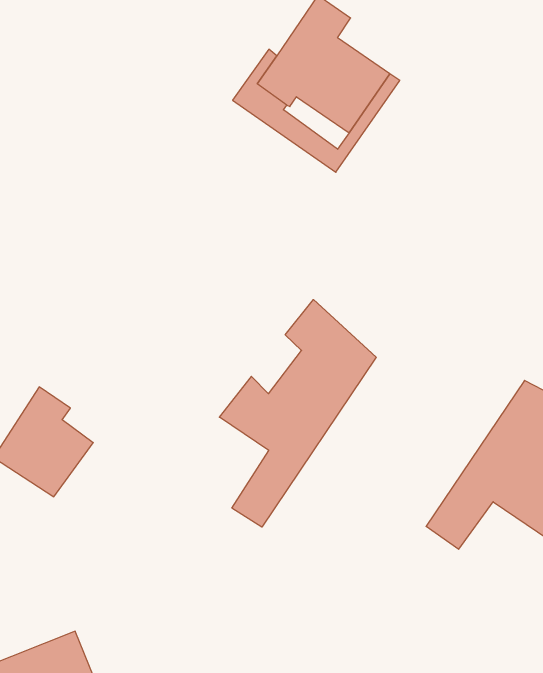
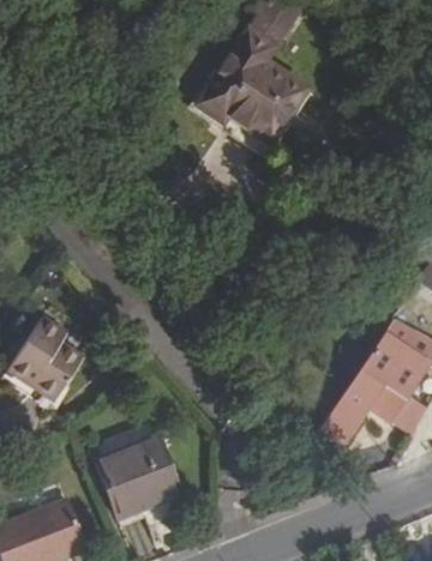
building: [219,300,376,527] -> none
building: none -> [97,438,179,515]

